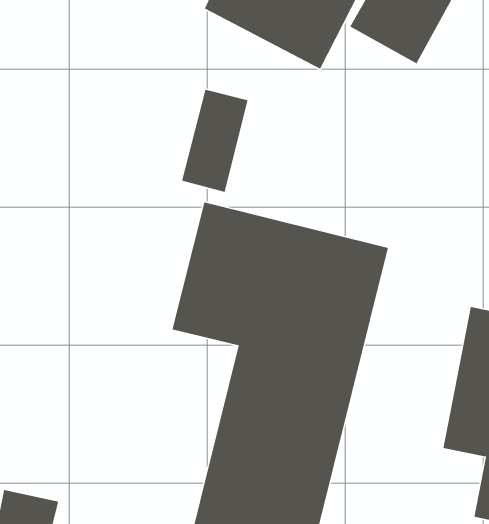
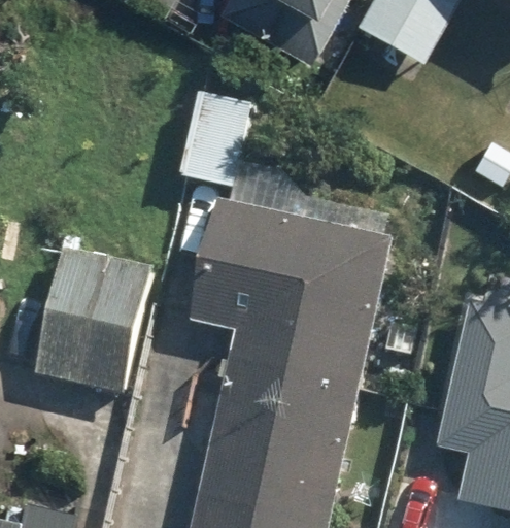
building: none -> [30,243,158,404]

